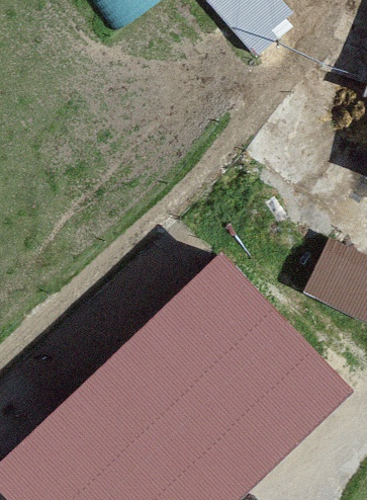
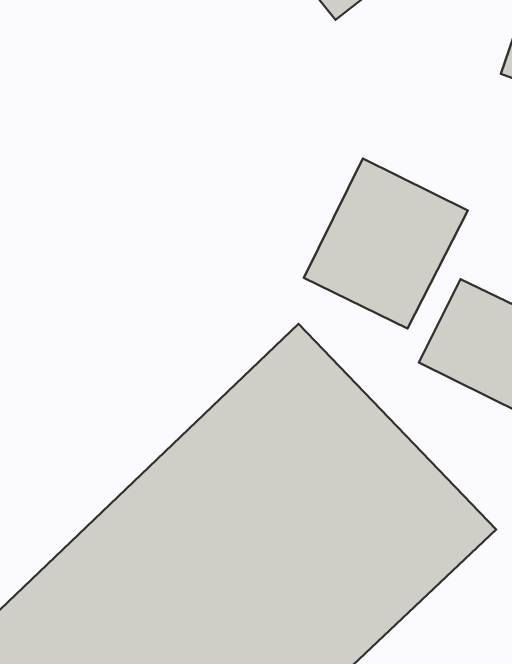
building: none -> [304,158,468,329]

